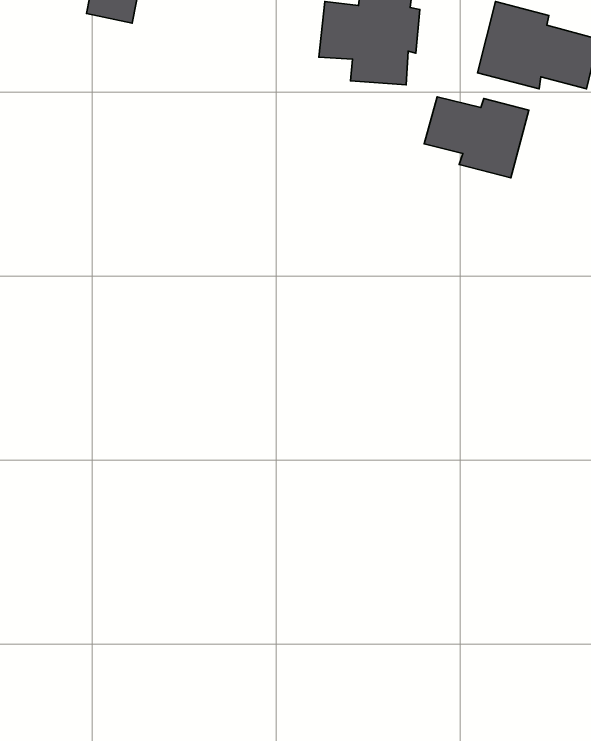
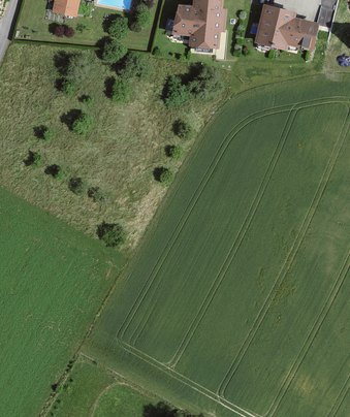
building: [424,97,529,178] -> none

